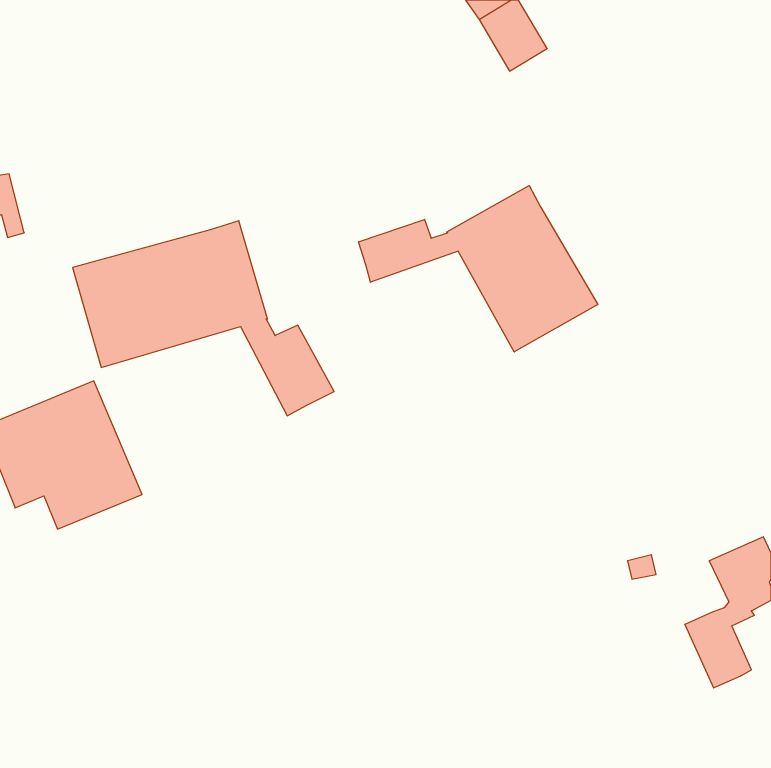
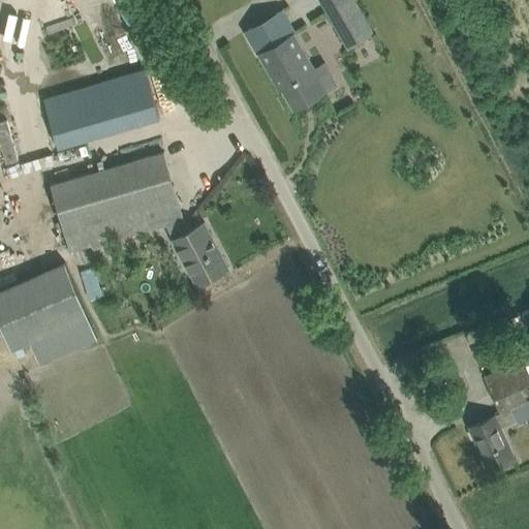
building: none -> [244,12,324,112]
building: none -> [43,70,159,148]
building: [359,186,598,352] -> none

